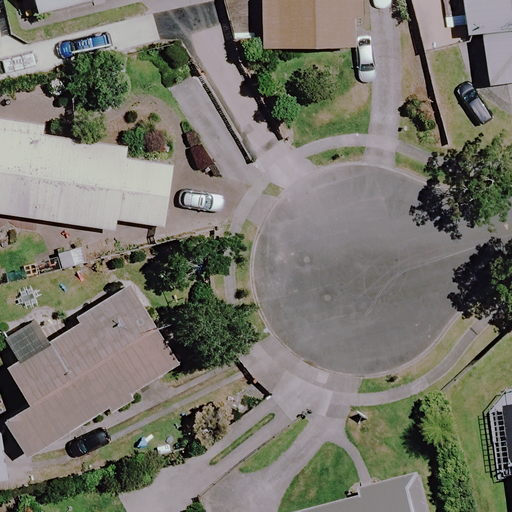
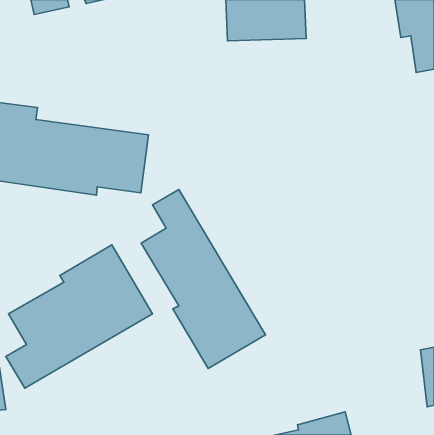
building: none -> [141,189,265,368]

